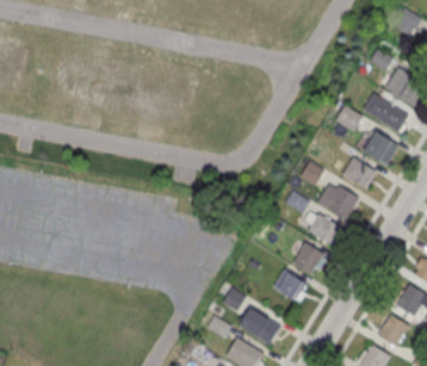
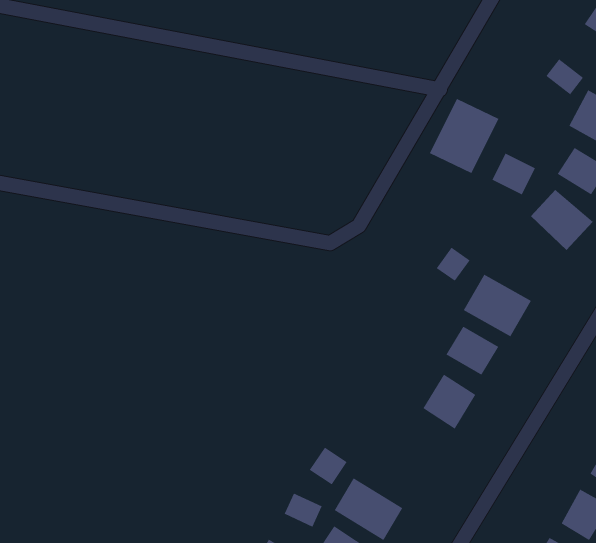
building: none -> [429,98,499,174]
building: [342,157,375,188] -> none
building: [273,268,309,303] -> none

